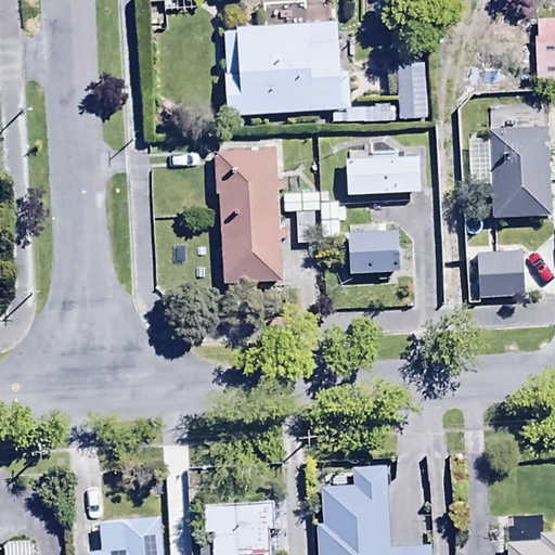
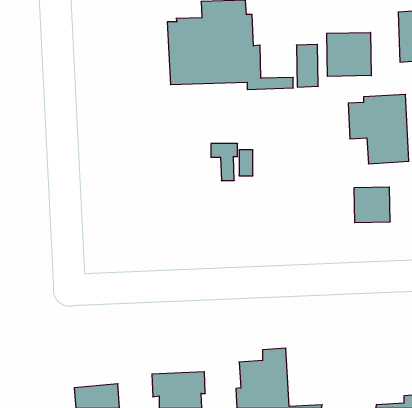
building: none -> [327,32,371,76]
building: [215,149,282,282] -> none
building: [348,152,422,196] -> none
building: [350,229,403,275] -> none

